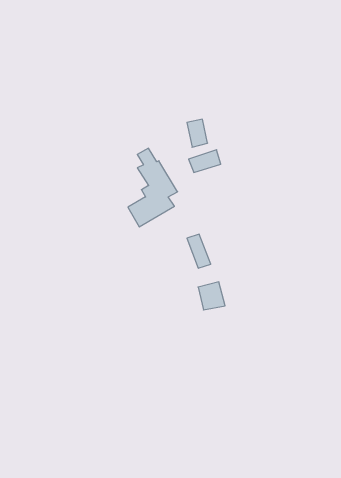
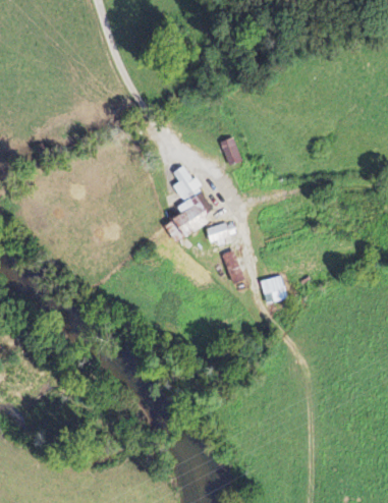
building: [189,150,221,172] -> [205,220,236,242]
building: [198,282,225,310] -> [261,275,287,302]

